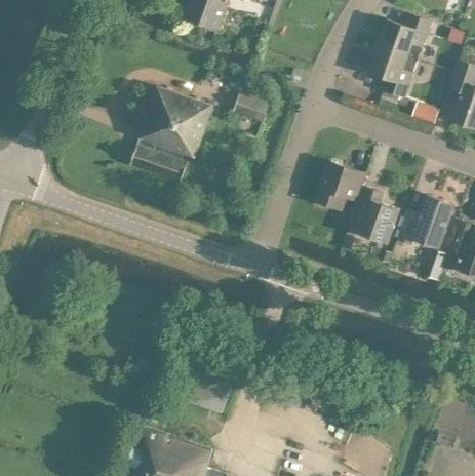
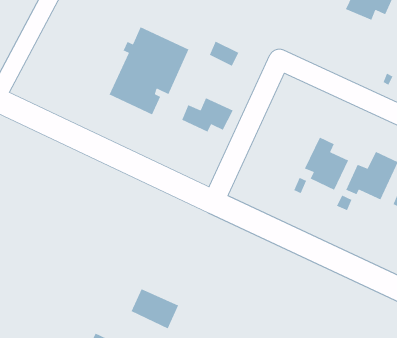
building: [368,46,412,97] -> none
building: none -> [181,97,234,132]
building: [314,161,366,210] -> none

